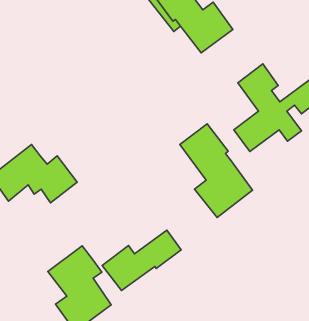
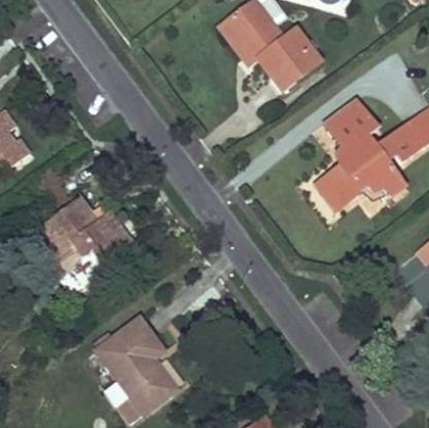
building: [180,124,253,218] -> none
building: [102,230,181,291] -> none

